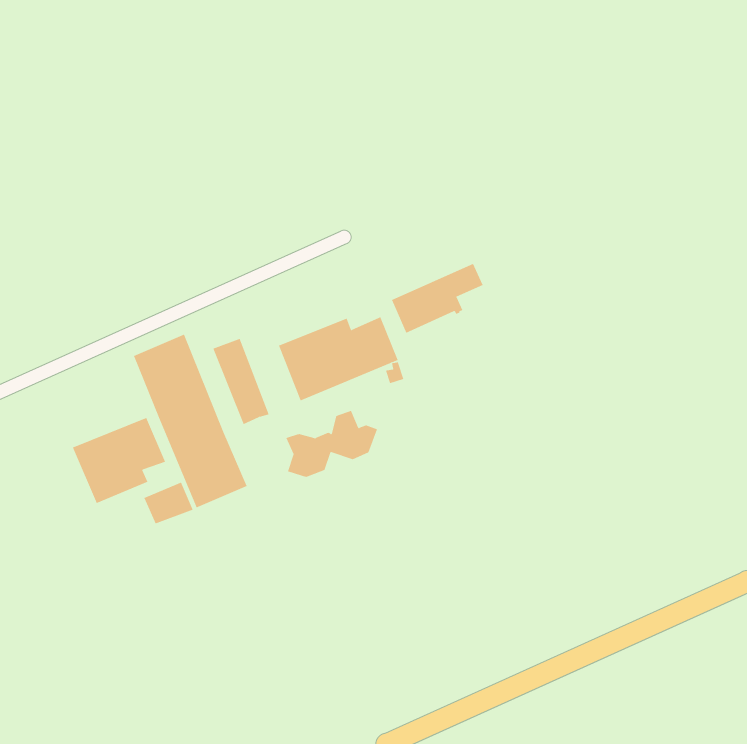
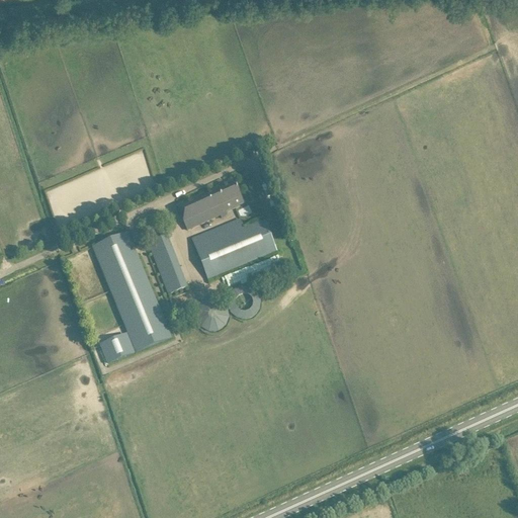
building: [391,263,484,333] -> [176,180,240,229]
building: [72,417,166,504] -> none

